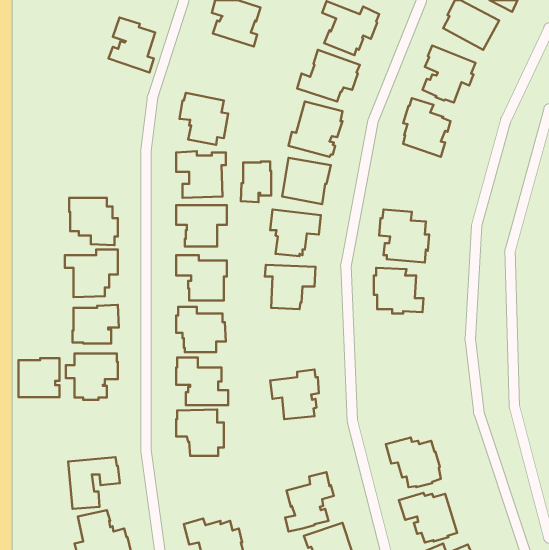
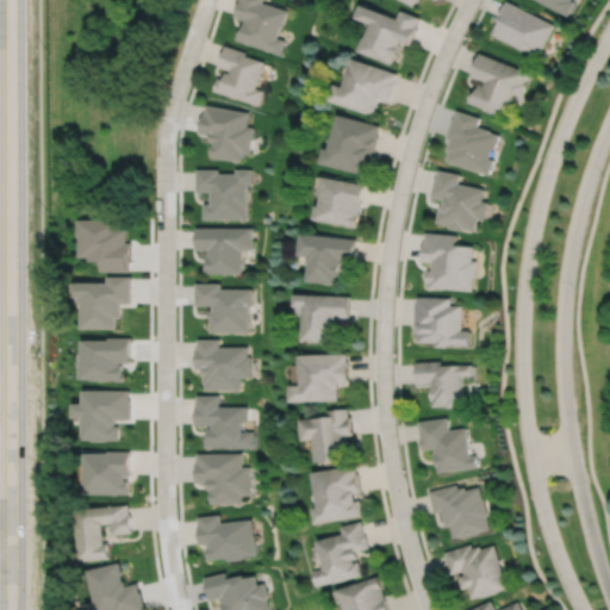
building: [109,18,155,73] -> [211,45,262,106]
building: none -> [429,170,486,231]
building: [241,161,271,202] -> none
building: none -> [288,355,348,403]
building: none -> [412,362,469,409]
building: [18,358,60,397] -> [83,453,129,496]
building: none -> [416,419,475,474]
building: none -> [310,466,363,525]
building: none -> [195,516,254,562]

